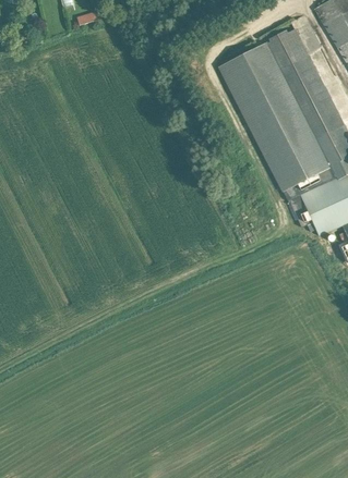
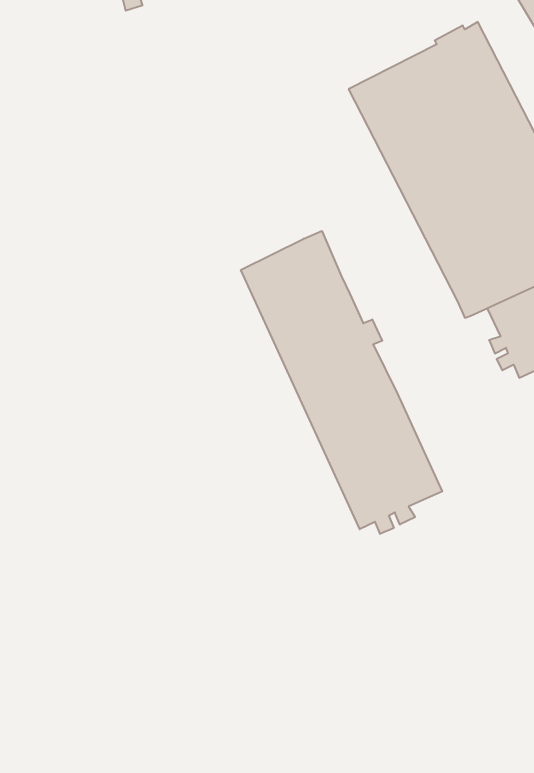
building: none -> [241,231,442,534]

